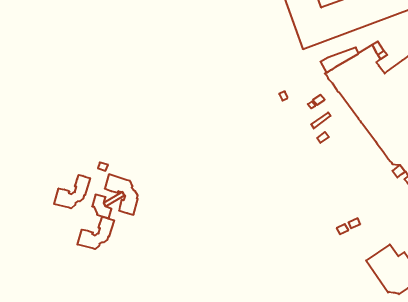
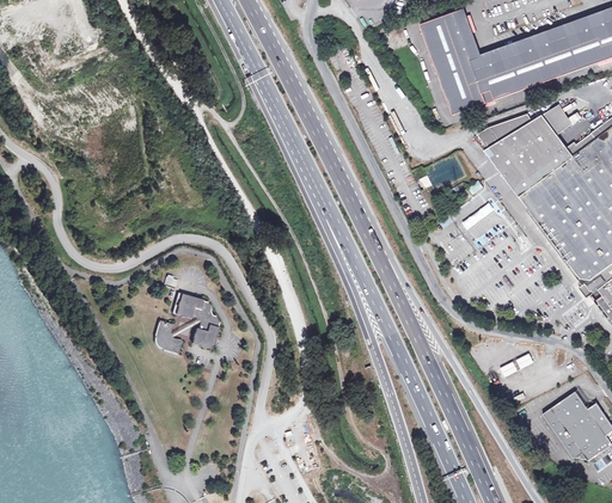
building: [54,175,90,208] -> none
building: [77,217,114,249] -> none

